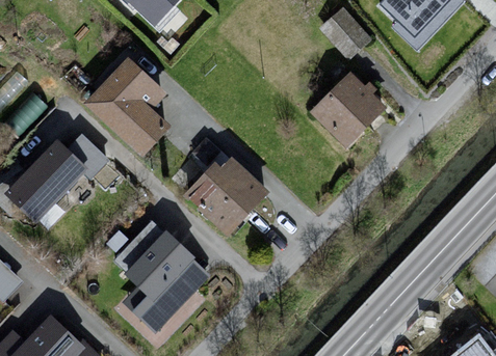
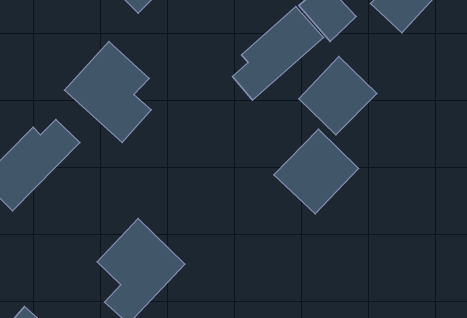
building: none -> [232,6,323,100]
building: [189,157,270,238] -> [274,129,358,214]

